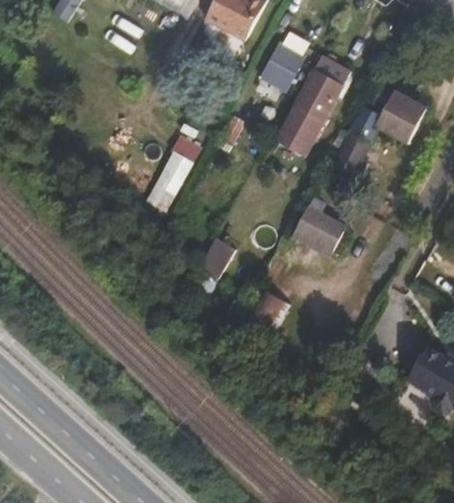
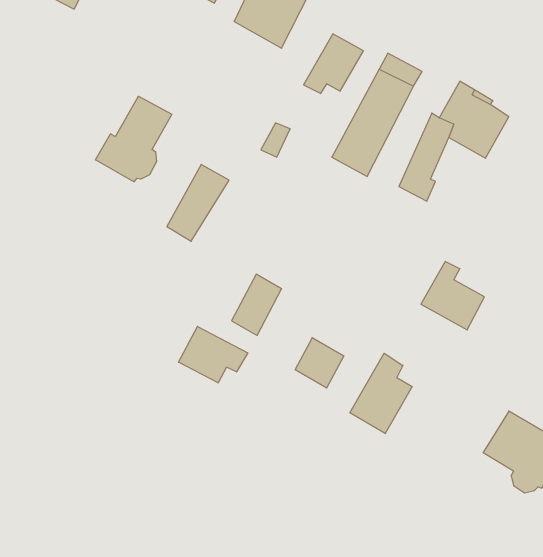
building: none -> [95,96,172,182]
building: [294,197,346,253] -> [421,261,484,330]
building: none -> [178,326,248,383]
building: none -> [350,353,412,434]

